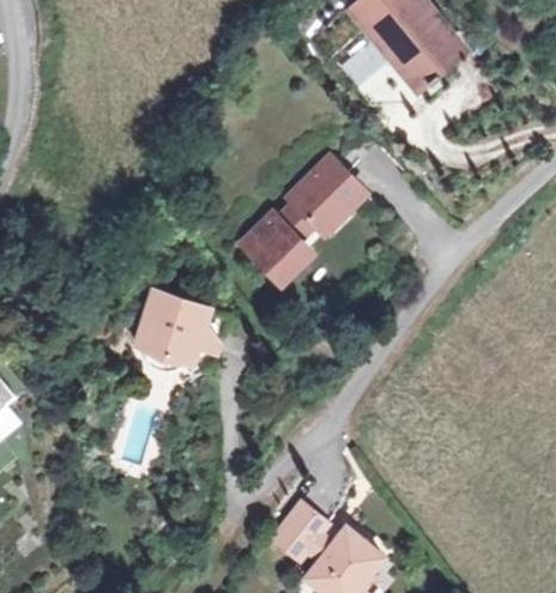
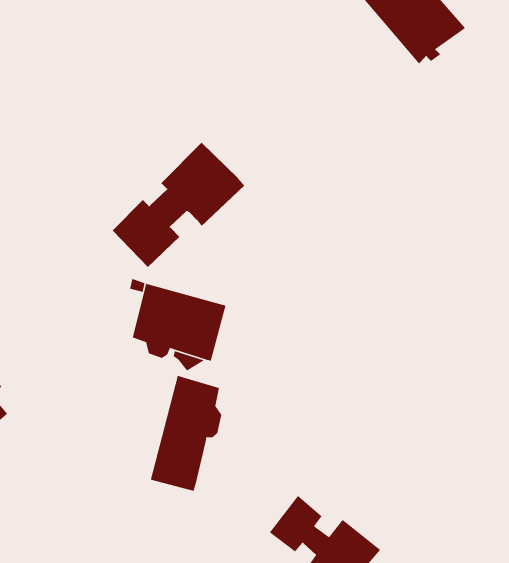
building: [240,156,368,277] -> [112,142,245,268]
building: none -> [150,375,222,492]

